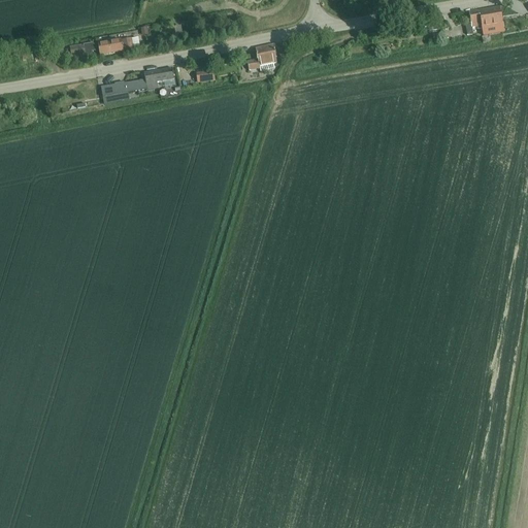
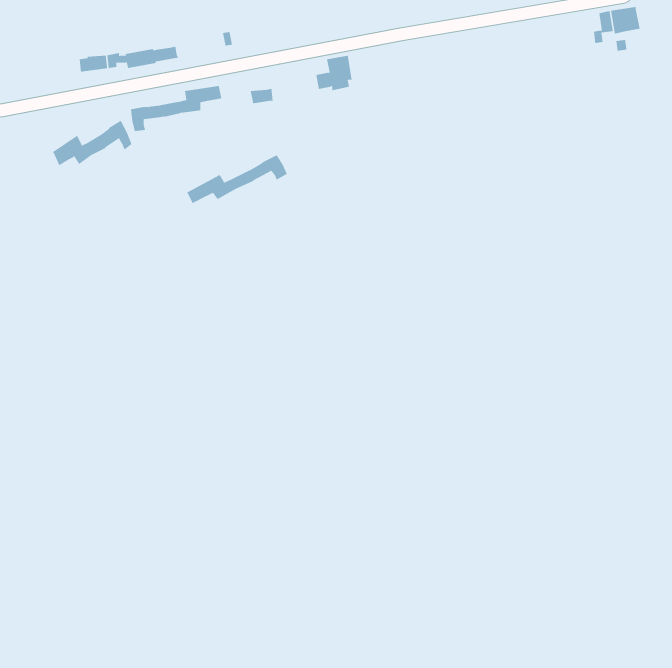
building: none -> [53,120,132,166]
building: none -> [187,155,287,204]

